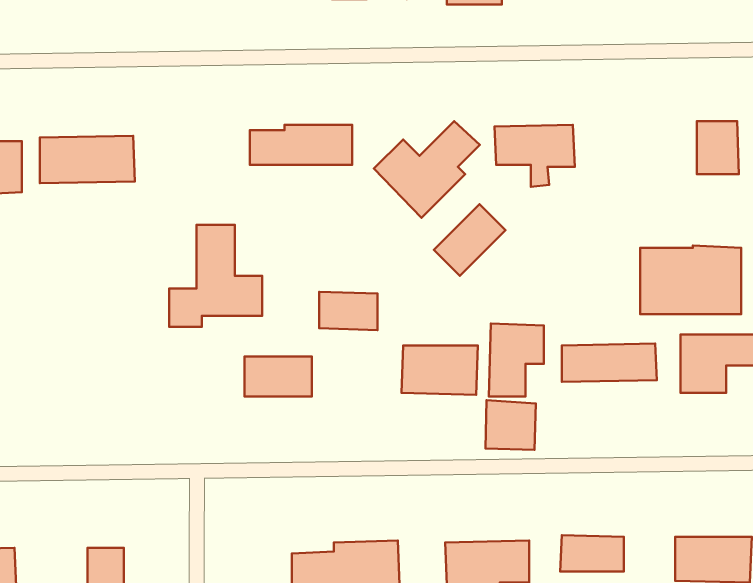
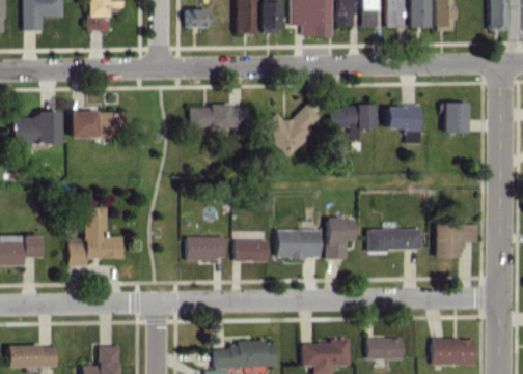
building: none -> [387,105,421,144]
building: [434,204,506,276] -> none
building: [169,225,262,327] -> [70,207,122,265]
building: [640,246,741,314] -> none
building: [319,292,377,330] -> [236,239,269,261]
building: [485,400,536,450] -> none

